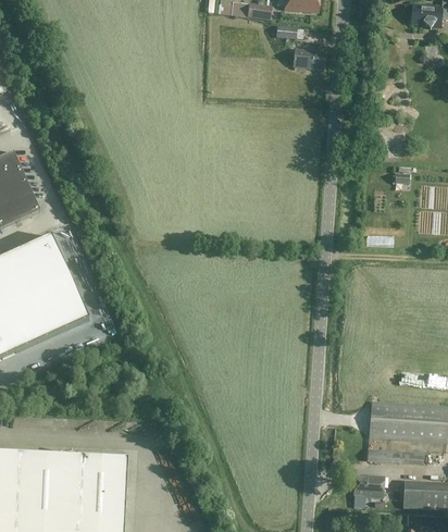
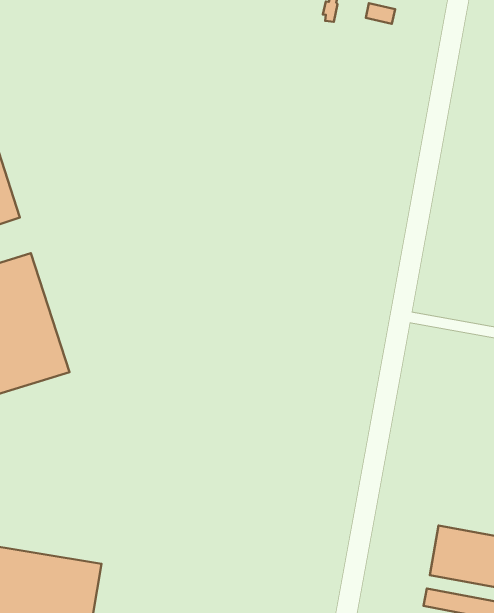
building: [291,48,323,69] -> none

